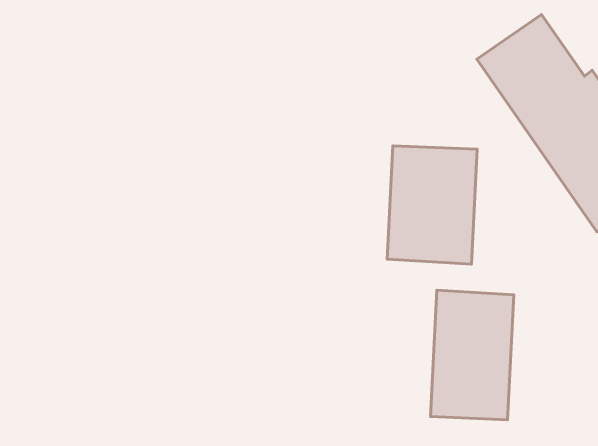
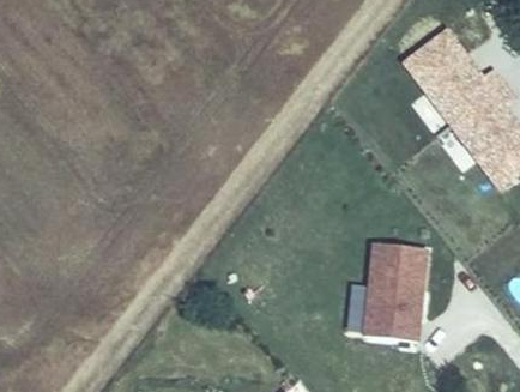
building: [387,146,477,264] -> none

